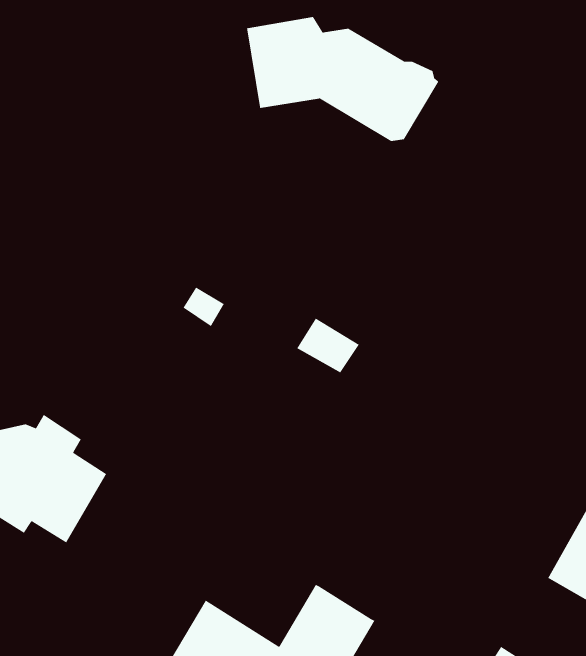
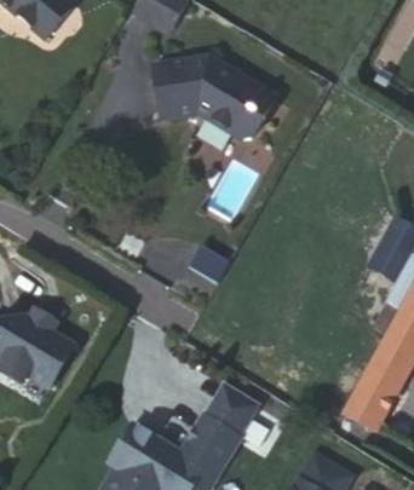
building: none -> [202,385,253,436]

